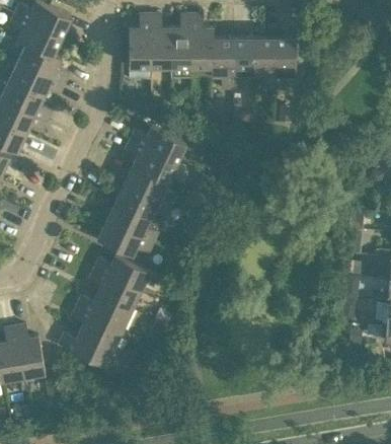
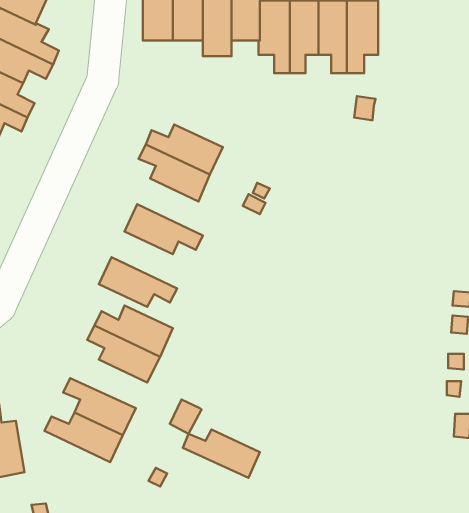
building: [125,164,175,205] -> none
building: [106,202,158,242] -> none
building: [77,293,132,327] -> [183,429,260,478]

